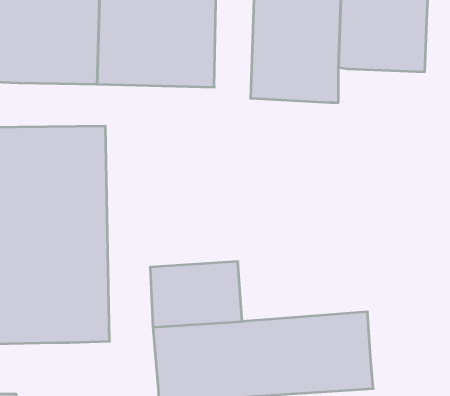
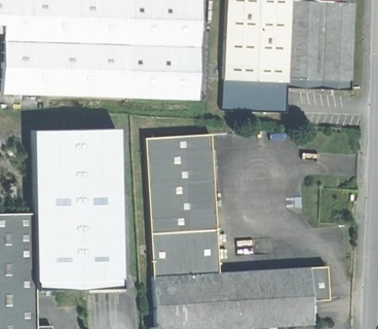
building: none -> [144,134,216,232]
building: none -> [311,264,331,298]

